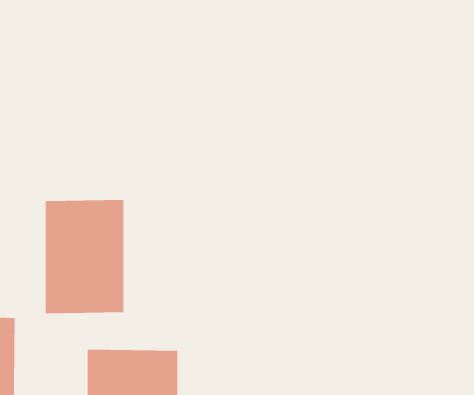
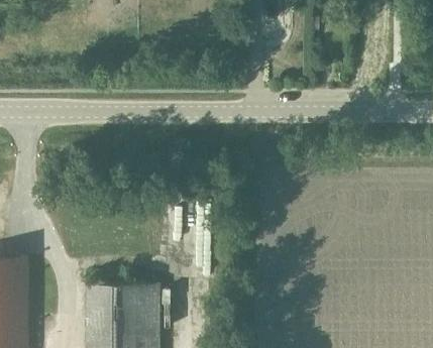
building: [45,199,124,314] -> none

